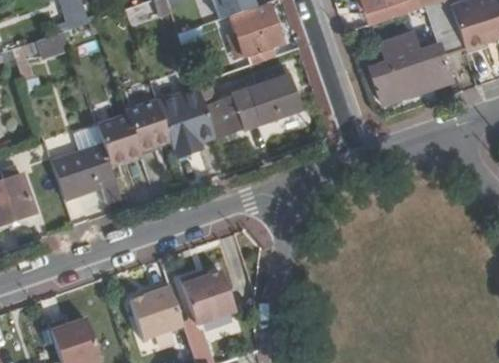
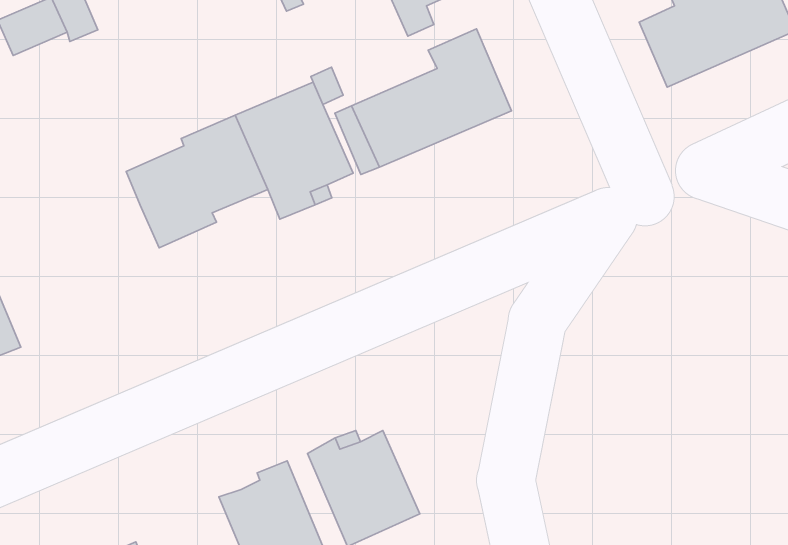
building: [51,144,120,203] -> none

